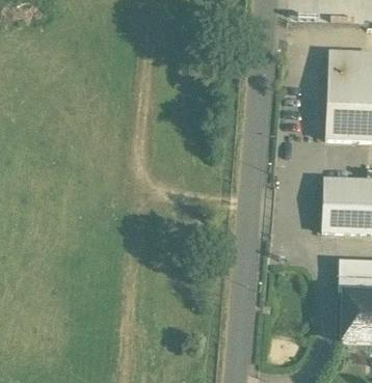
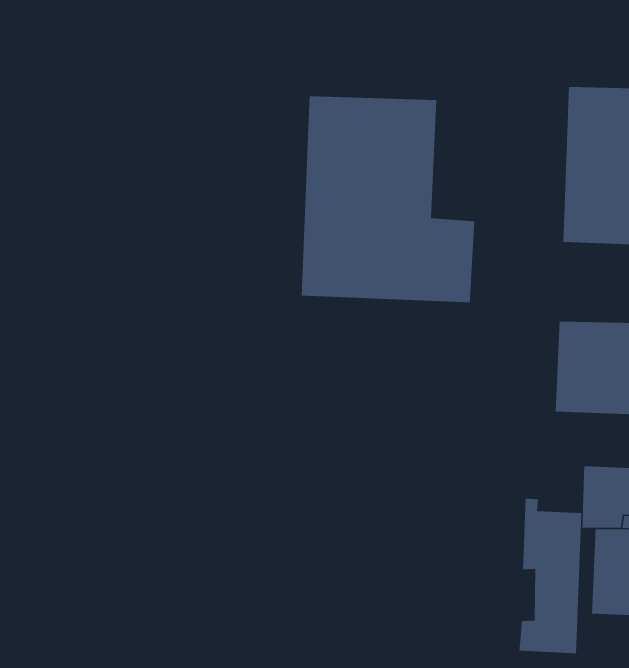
building: none -> [301,96,475,303]
building: none -> [519,498,582,654]

